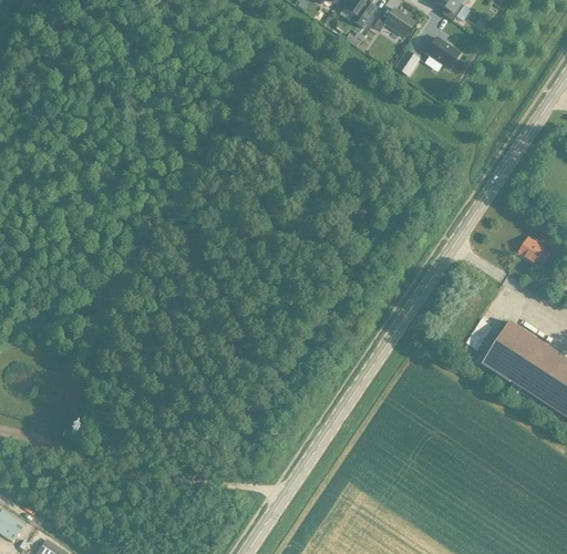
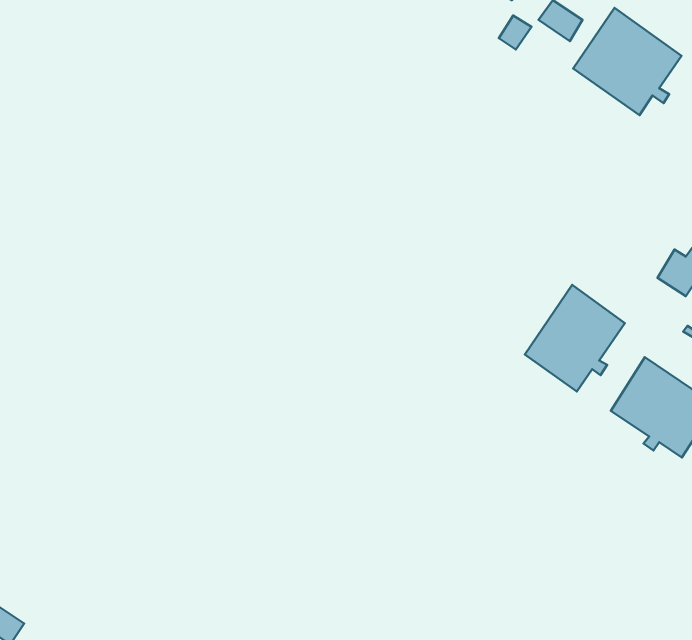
building: none -> [573,8,682,115]
building: none -> [525,285,625,392]

